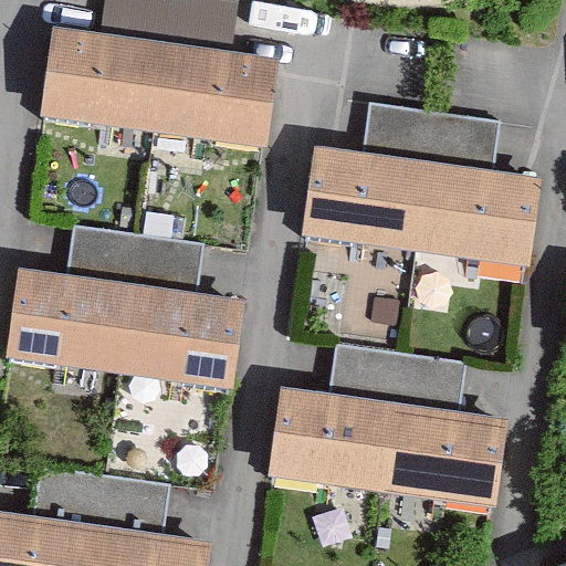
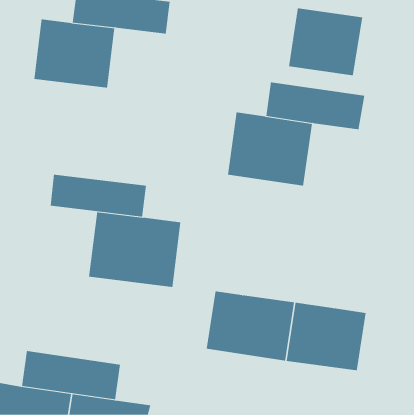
building: none -> [289,7,363,76]
building: [146,38,272,134] -> none
building: [411,167,535,269] -> none
building: [12,273,130,375] -> none
building: [328,349,460,417] -> none

